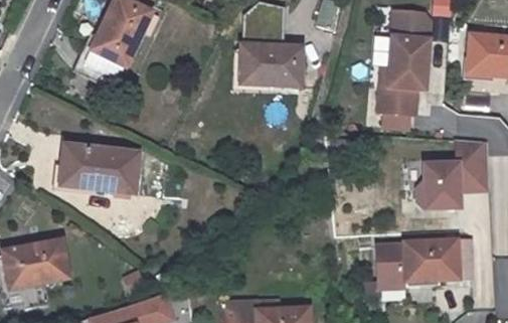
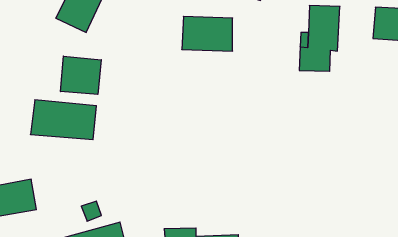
building: none -> [61,56,101,94]
building: [419,139,491,209] -> none
building: [378,238,475,287] -> none

